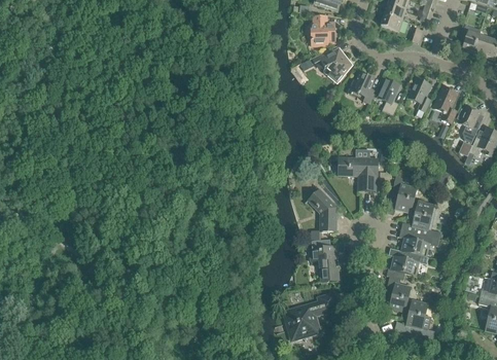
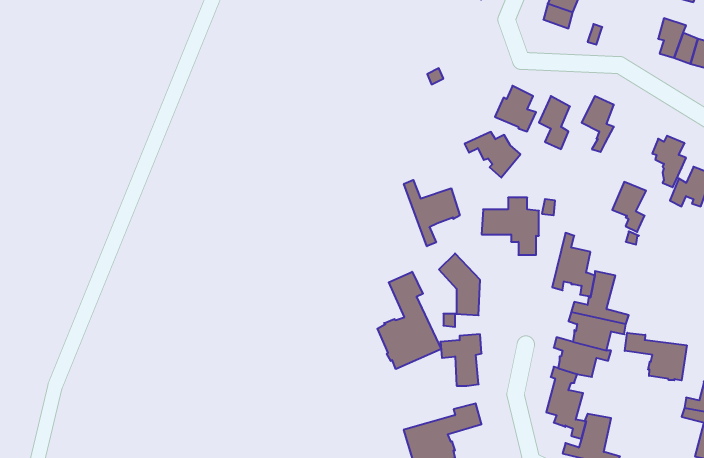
building: [312,14,335,44] -> none
building: [312,47,351,79] -> [465,132,520,178]
building: [434,86,458,121] -> [612,182,646,232]
building: none -> [404,180,460,246]
building: none -> [377,272,441,369]
building: none -> [625,333,687,380]

